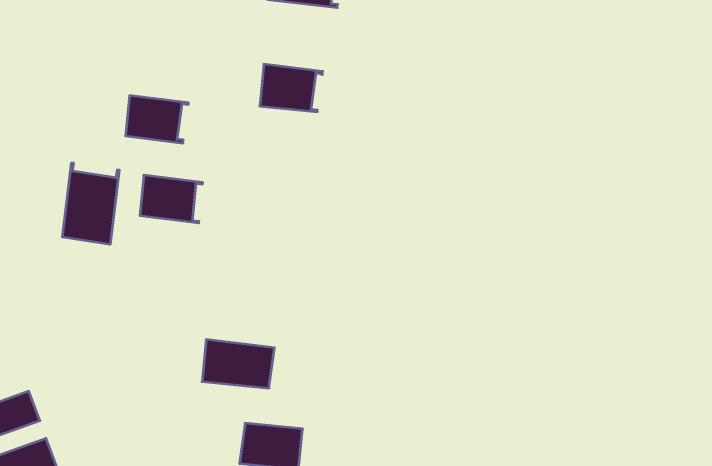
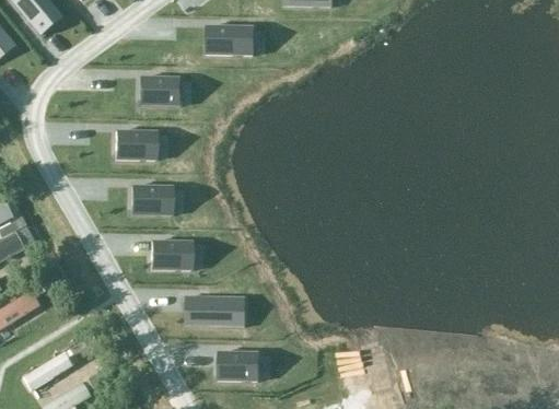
building: [260,64,323,112] -> [141,75,183,105]
building: [62,163,119,244] -> none
building: none -> [152,241,194,269]

